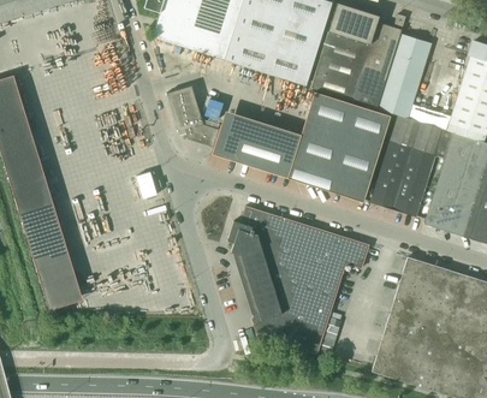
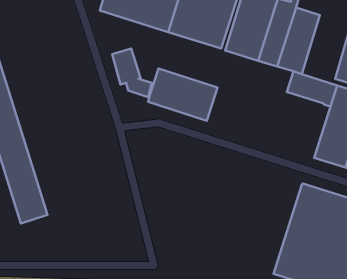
building: [287,91,390,201] -> none
building: [370,141,435,216] -> none
building: [227,206,368,355] -> none

